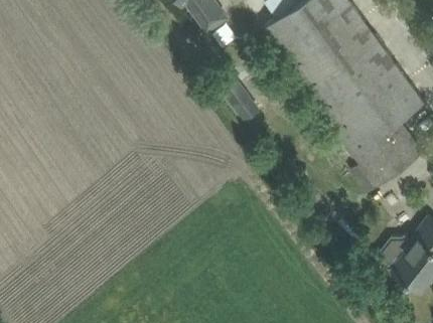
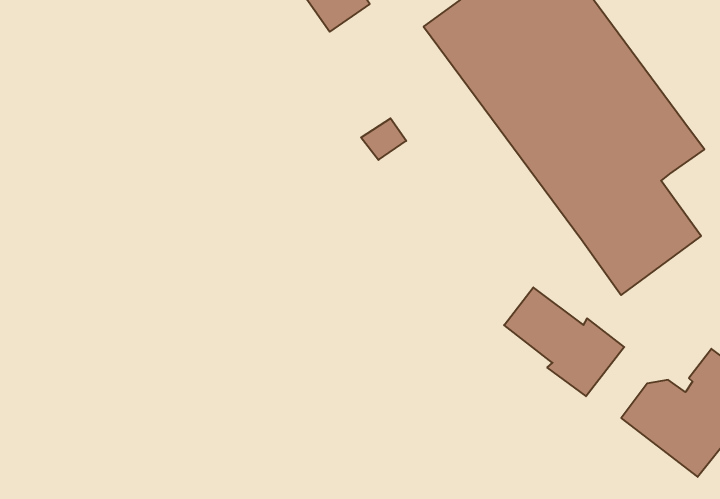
building: none -> [504,287,624,396]

